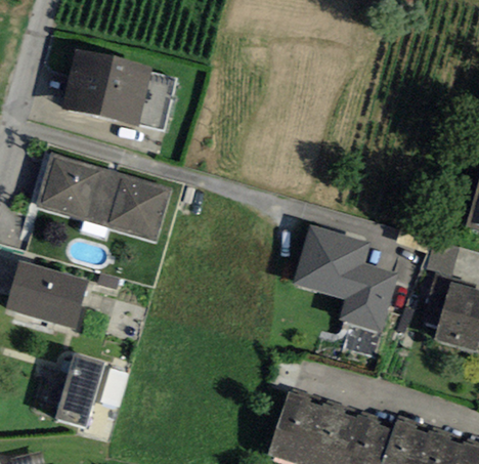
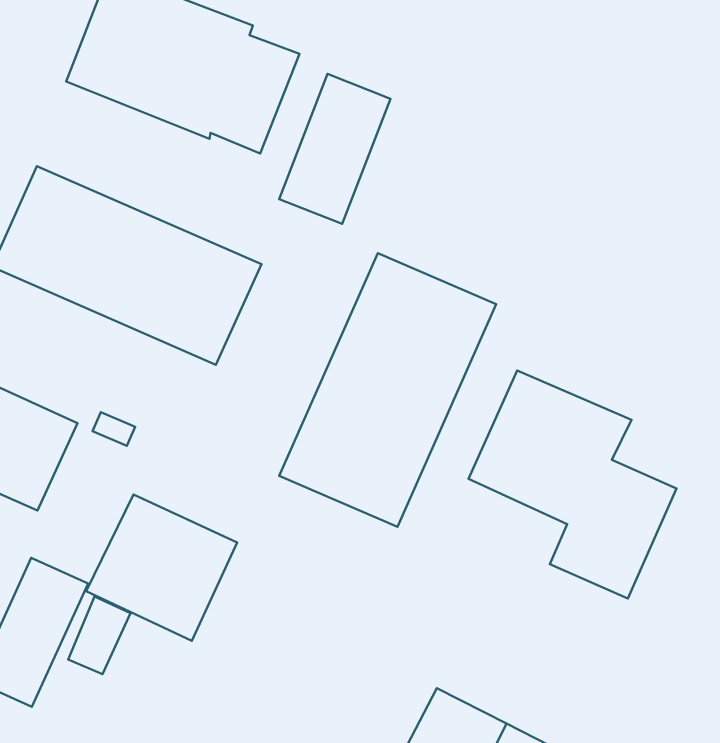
building: none -> [279,74,390,224]
building: none -> [279,253,496,527]
building: none -> [86,494,237,641]

